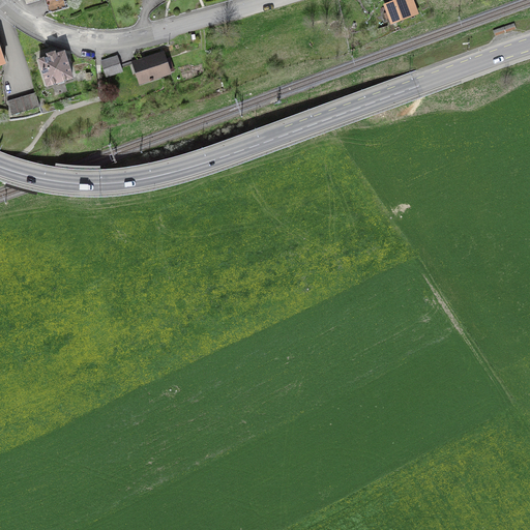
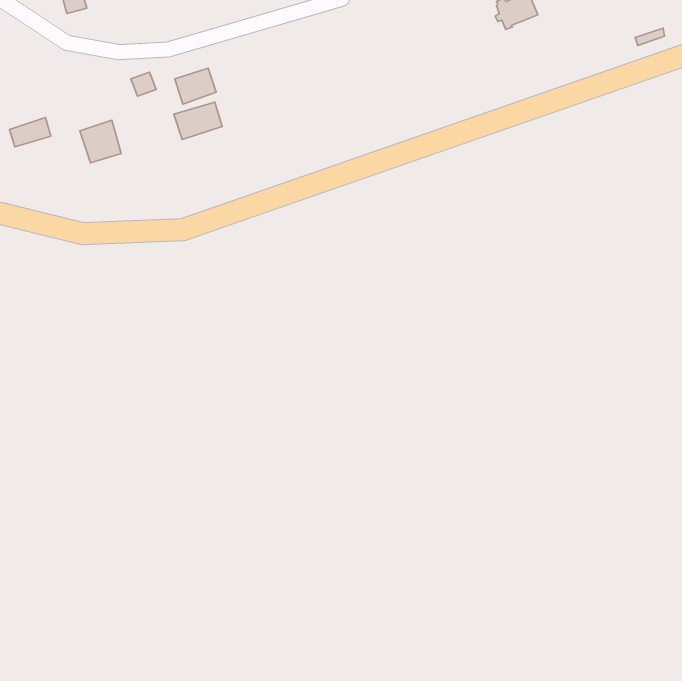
building: [39,51,71,84] -> [80,120,121,163]
building: none -> [174,102,222,139]

